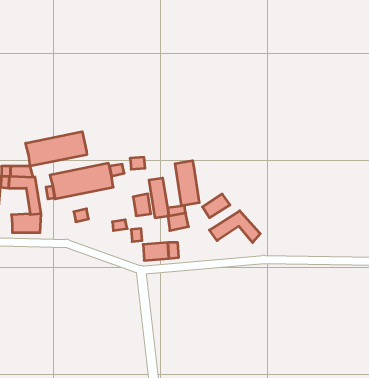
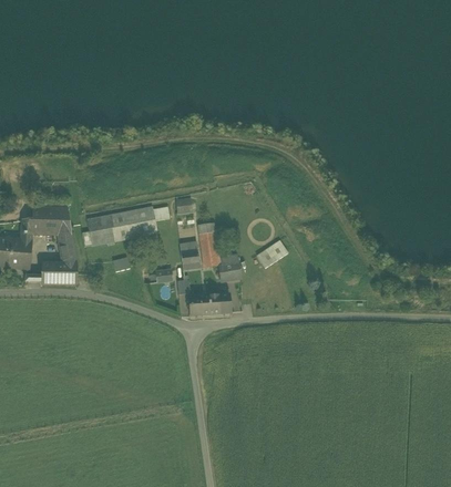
building: [26,132,87,166] -> none
building: [175,161,199,206] -> none
building: [209,211,260,243] -> none

